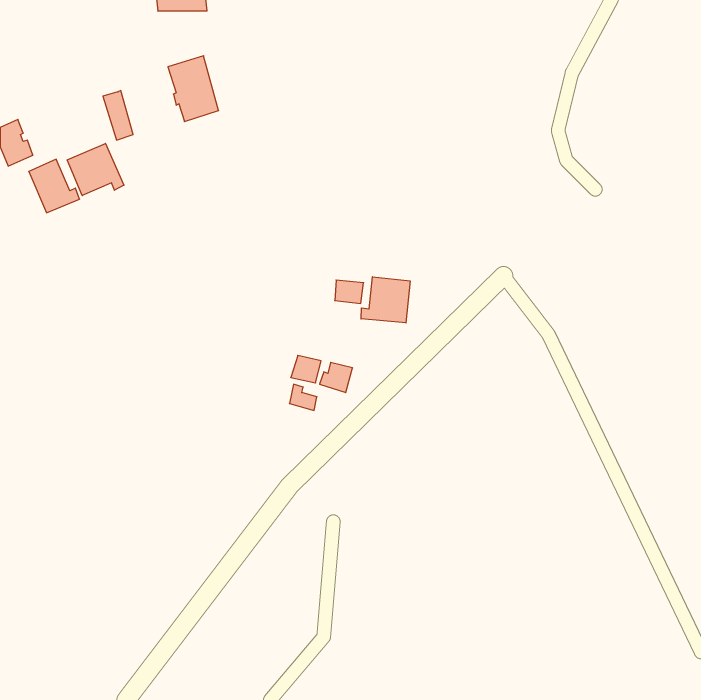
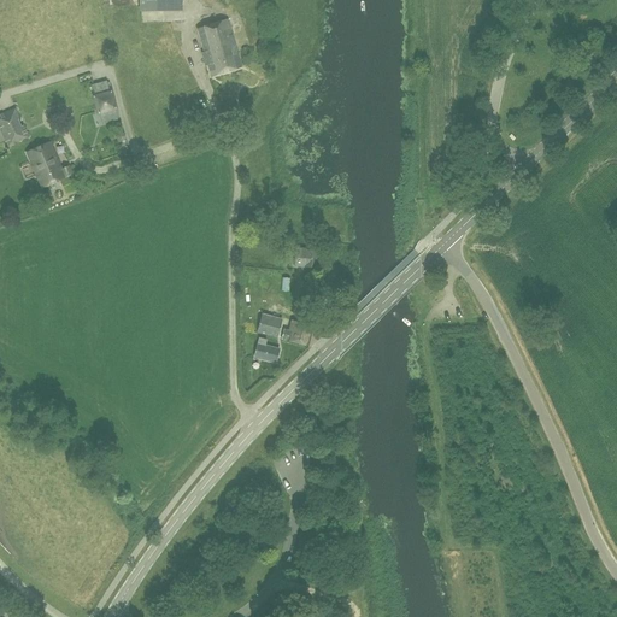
building: [168,56,219,122] -> [195,17,240,75]
building: [67,143,124,196] -> none
building: [361,277,410,323] -> none

